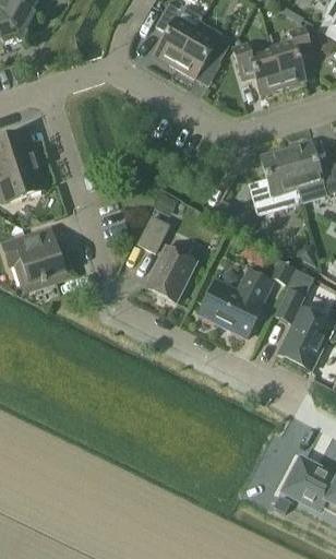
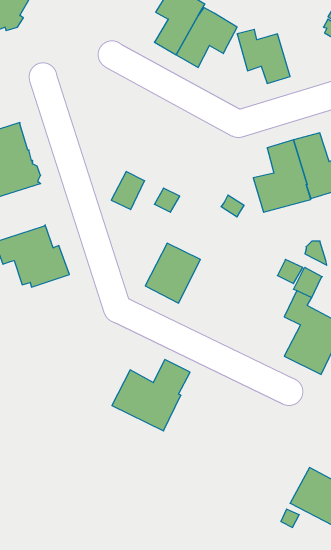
building: [271,25,315,86] -> none
building: [137,215,169,251] -> [111,172,145,210]
building: [199,269,273,336] -> [112,360,190,431]

